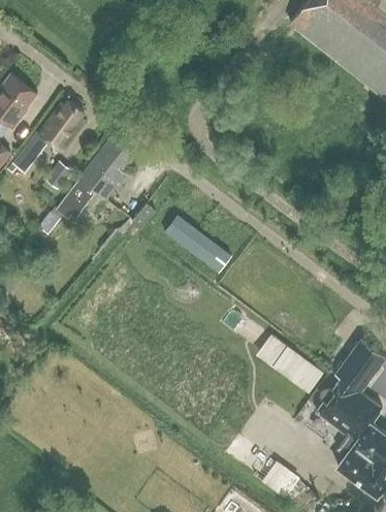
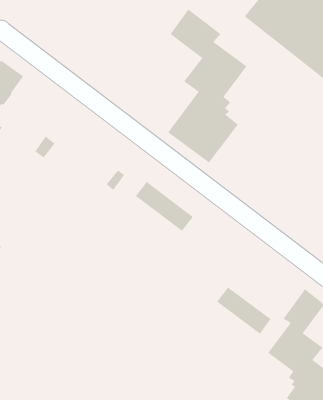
building: none -> [167,8,248,164]
building: [12,101,82,172] -> none
building: [39,134,131,232] -> none

